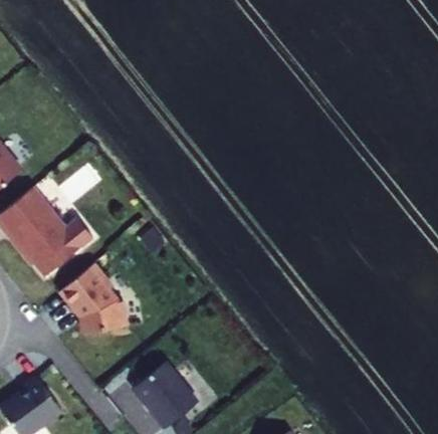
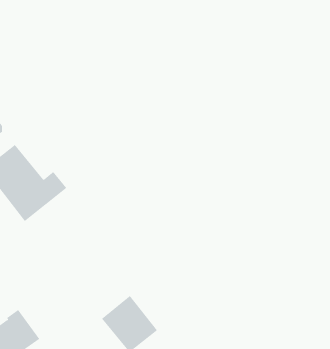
building: [58,265,127,335] -> none

